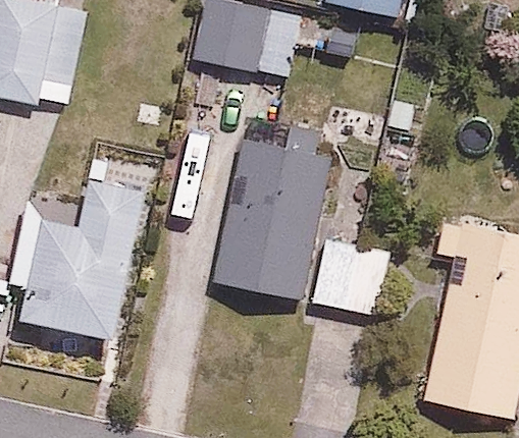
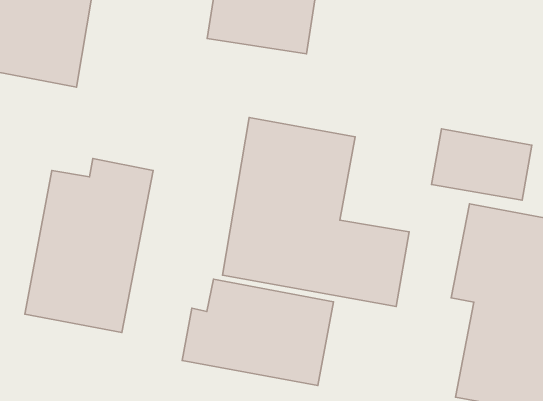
building: none -> [432,129,532,200]
building: none -> [182,279,333,386]

